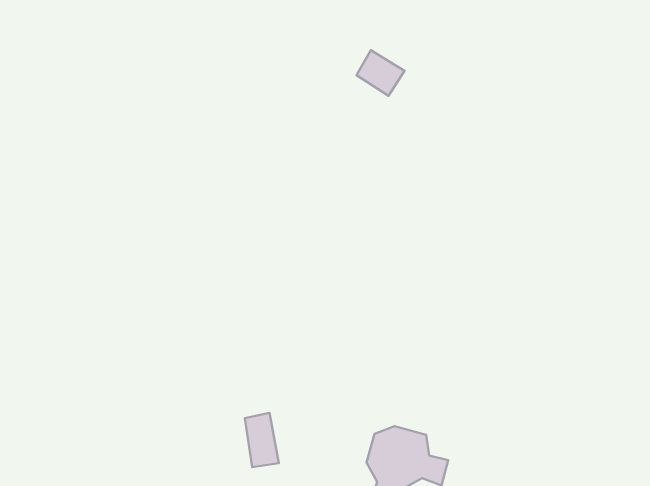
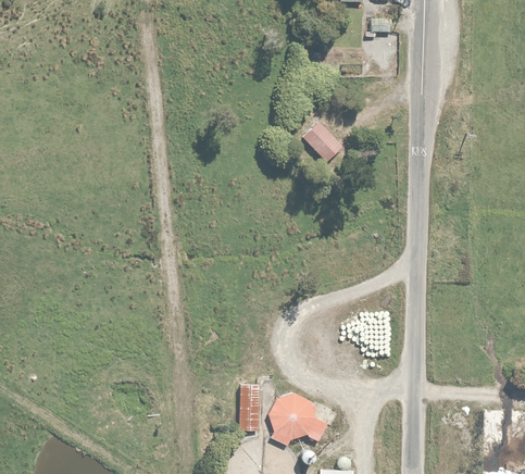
building: [245,413,279,467] -> [240,384,260,421]

